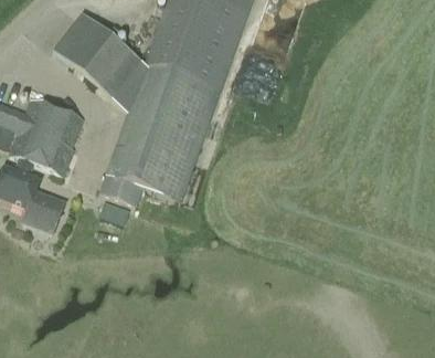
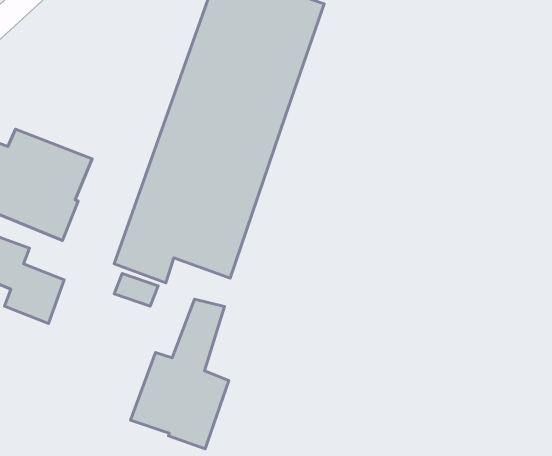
building: [53,13,141,98] -> none
building: none -> [131,299,229,449]

